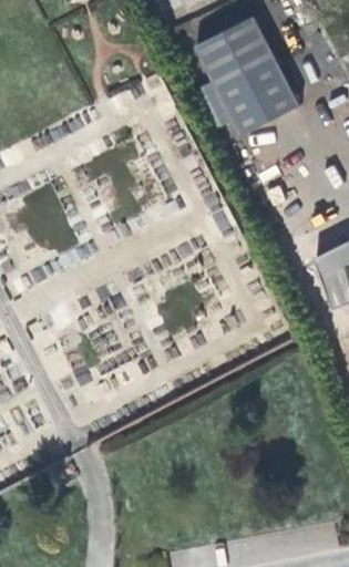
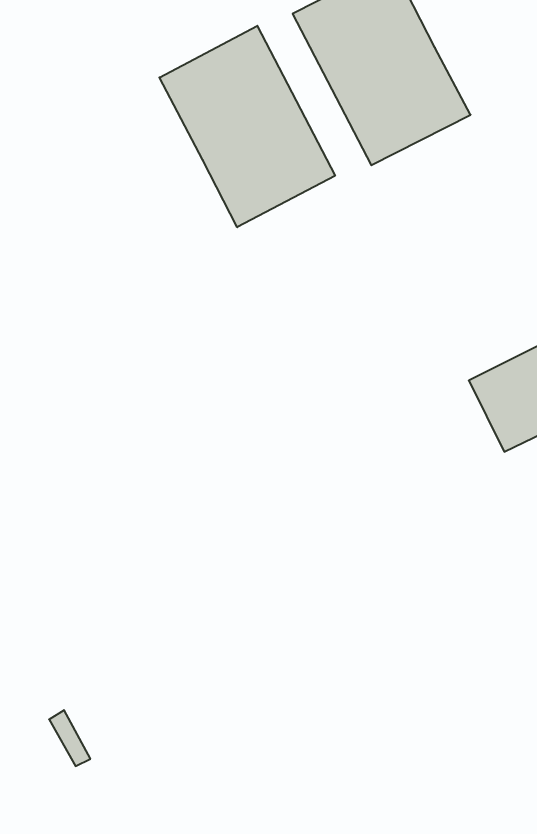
building: none -> [159,26,335,227]

